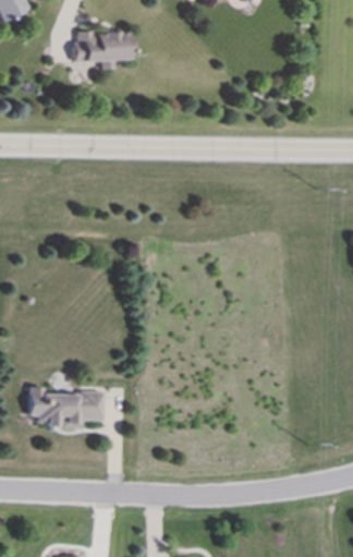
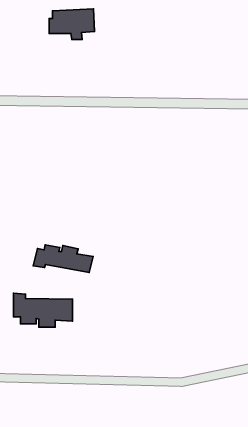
building: none -> [33,245,93,273]

